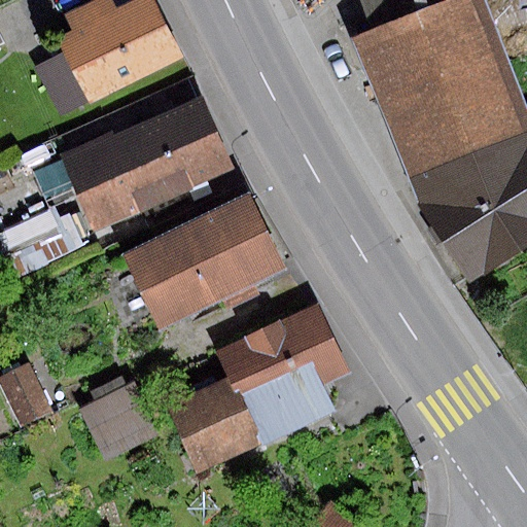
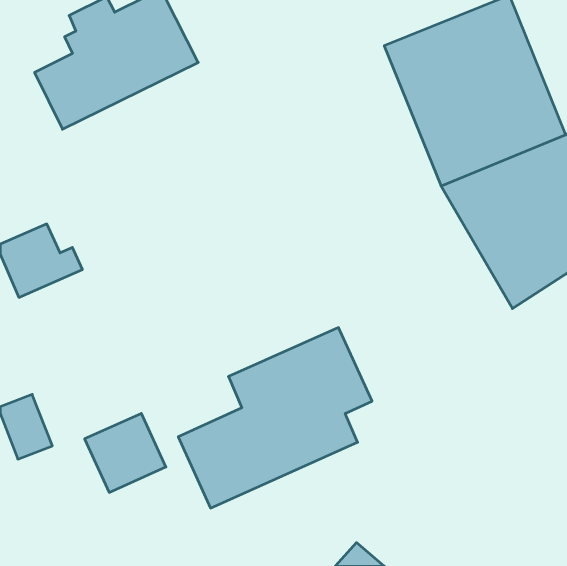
building: [60,94,233,227] -> none
building: [121,191,282,327] -> none

